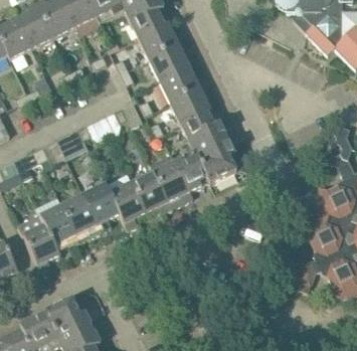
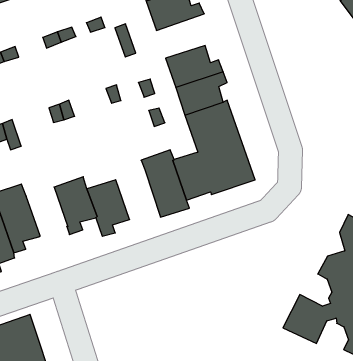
building: [149,40,189,79] -> none
building: [132,170,171,211] -> none
building: [62,193,101,239] -> none

